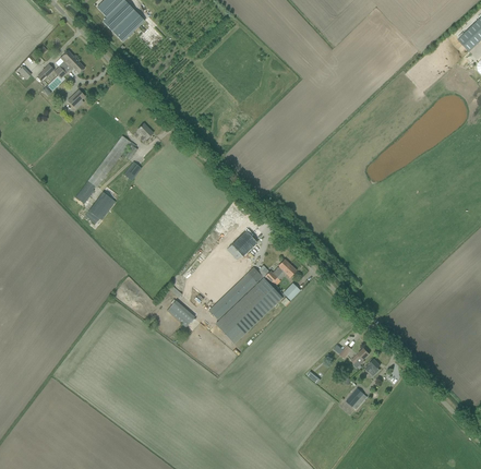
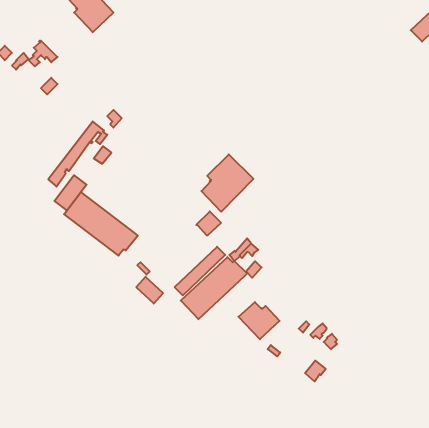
building: none -> [201,154,253,212]
building: none -> [64,192,138,256]
building: none -> [238,302,280,339]

